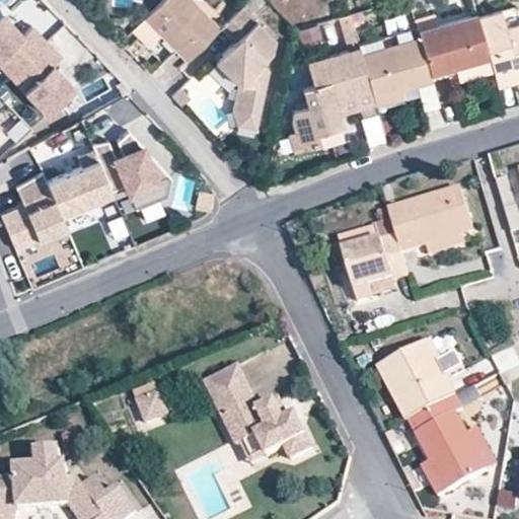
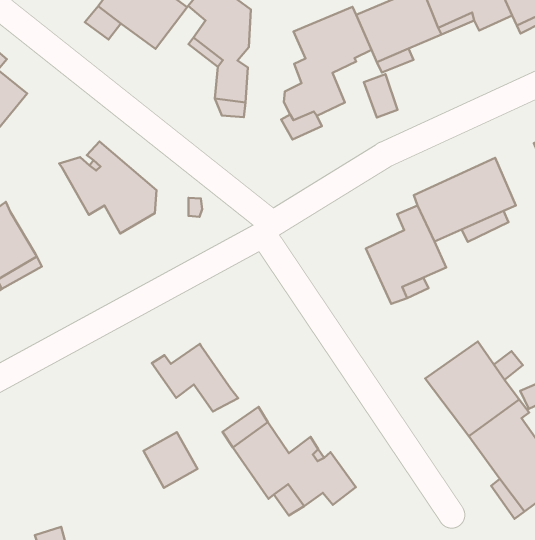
building: [48,149,117,219] -> none
building: none -> [152,344,238,411]

